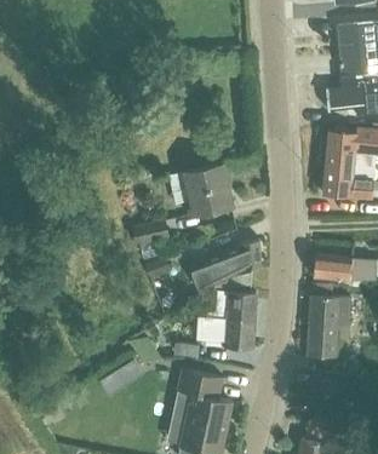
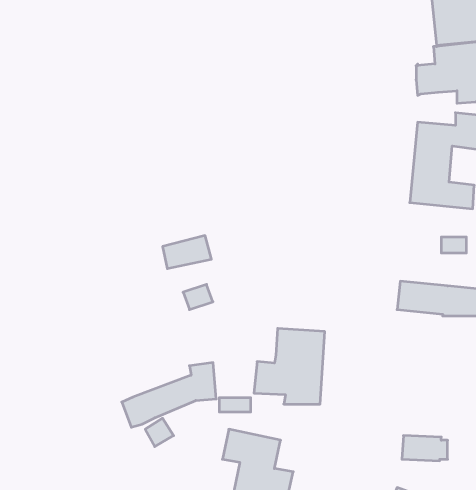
building: [171,165,233,215] -> none
building: [189,239,262,288] -> [122,363,216,427]
building: [307,297,351,357] -> none

